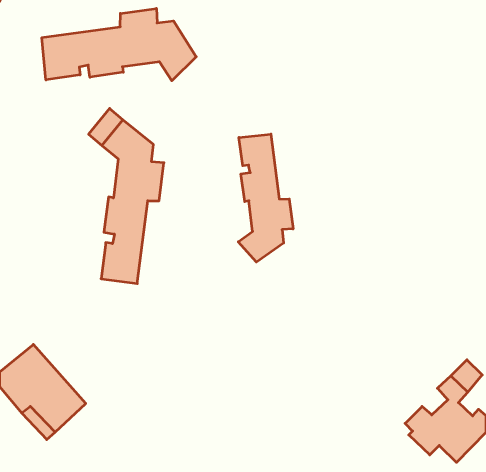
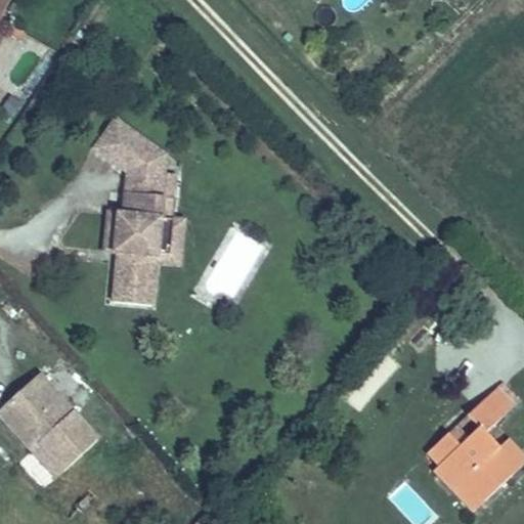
building: [42,8,196,81] -> none
building: [238,134,293,262] -> none

